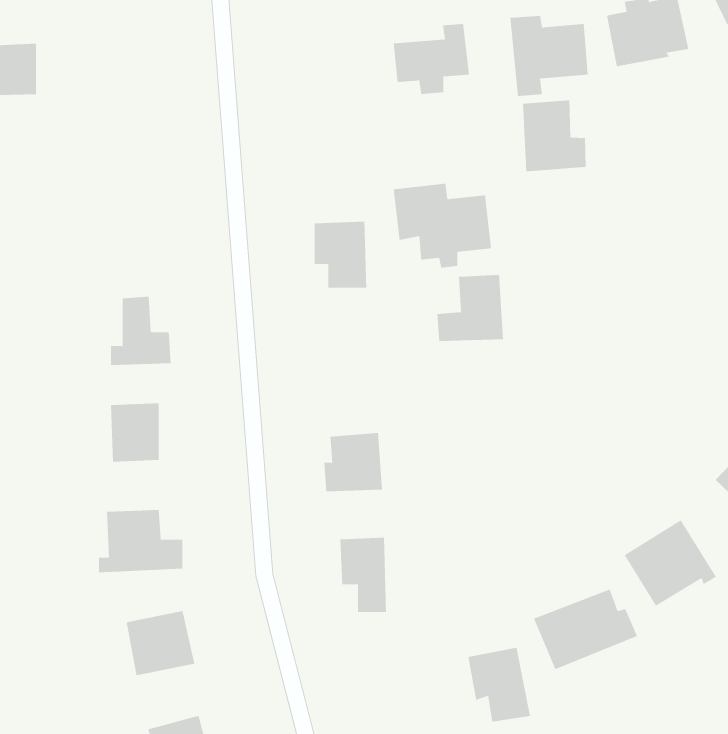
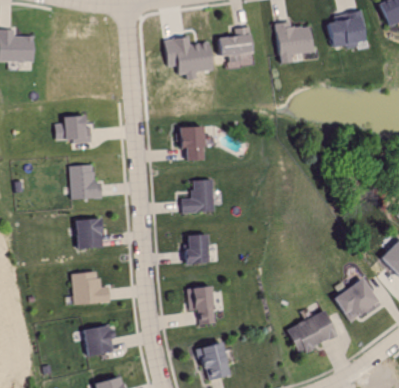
building: [522,100,586,172] -> none
building: [393,183,492,268] -> [164,36,214,79]
building: none -> [55,115,93,144]
building: [436,274,504,342] -> [181,179,215,213]
building: [468,647,531,722] -> [199,341,231,379]

